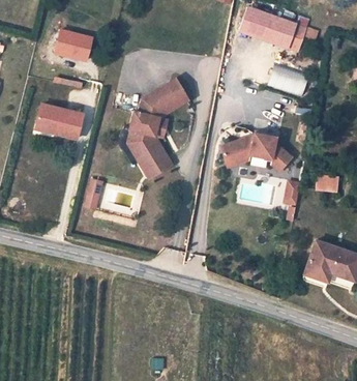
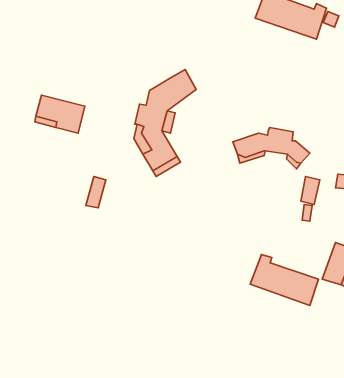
building: [49,26,90,61] -> none
building: [266,62,307,96] -> none
building: none -> [250,255,318,305]

